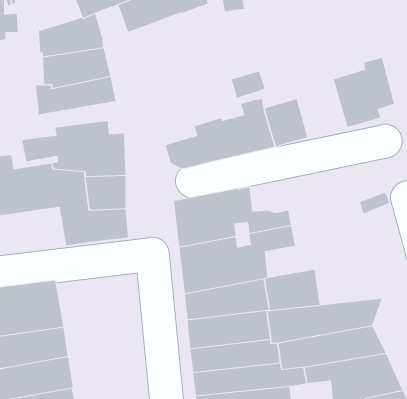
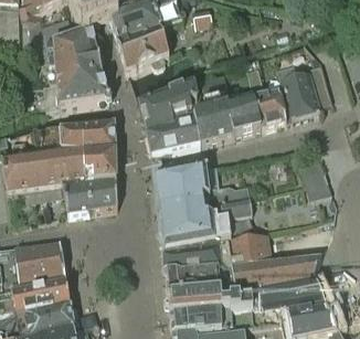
building: none -> [117,27,169,70]
building: none -> [246,67,287,126]
building: none -> [138,82,199,133]

